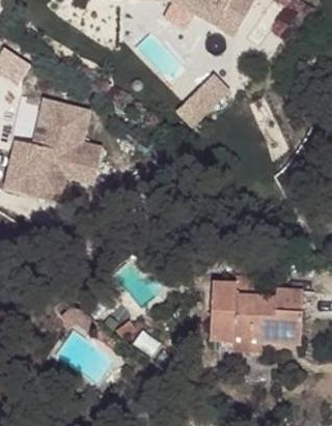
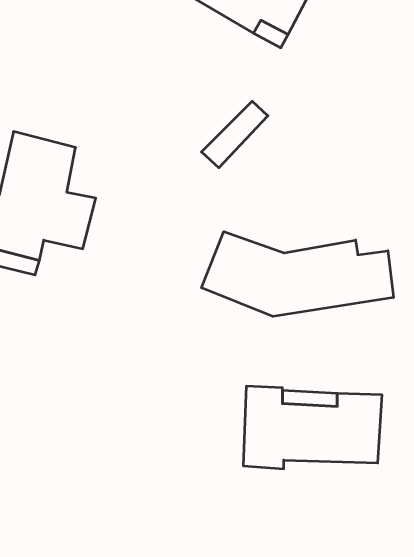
building: none -> [202,232,393,316]

